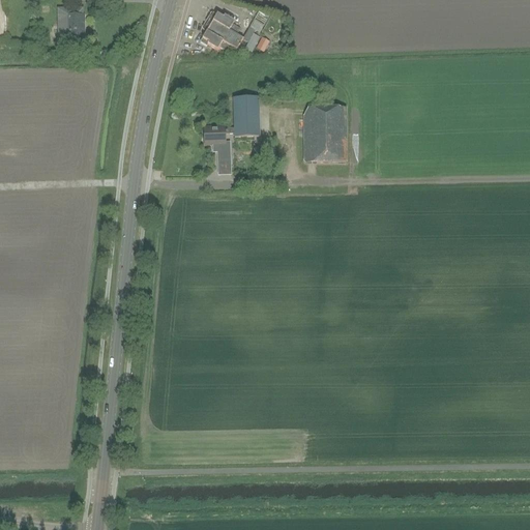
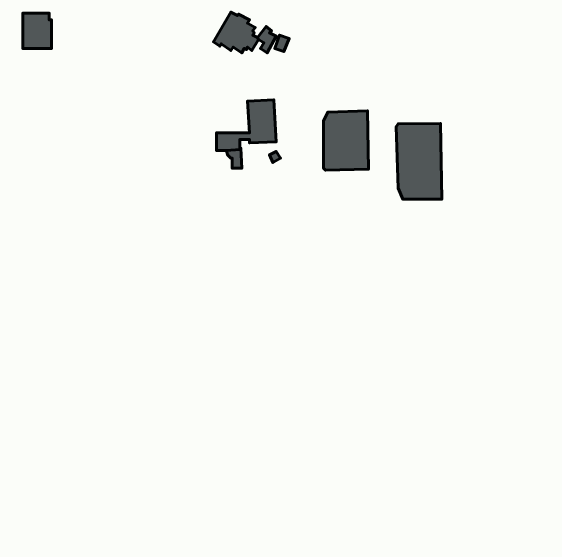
building: [58,5,85,38] -> [23,13,52,48]
building: none -> [396,124,442,199]

